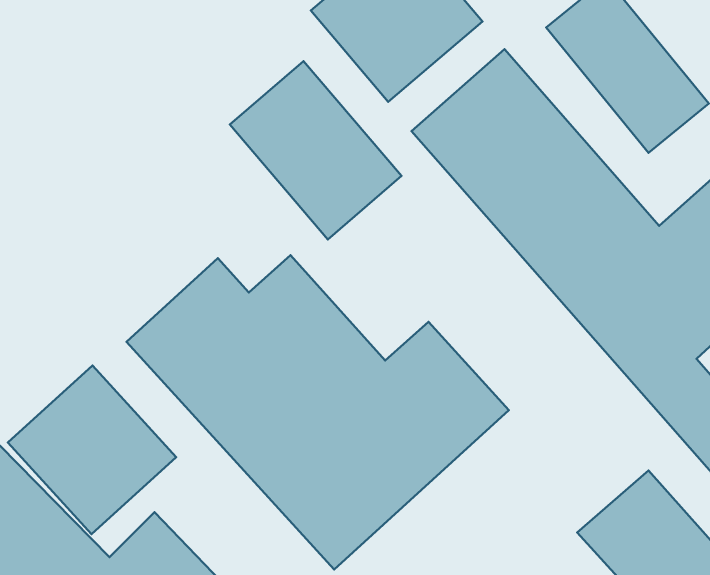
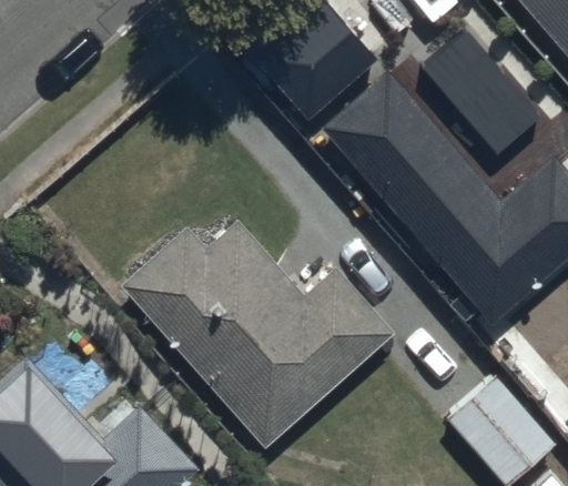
building: [230,61,402,239] -> none
building: [8,366,176,534] -> none

